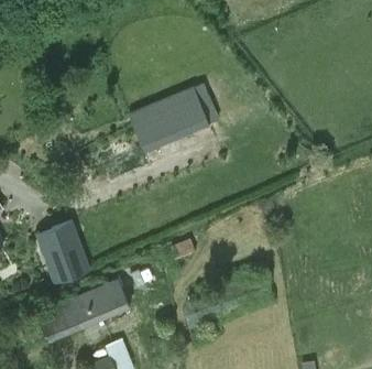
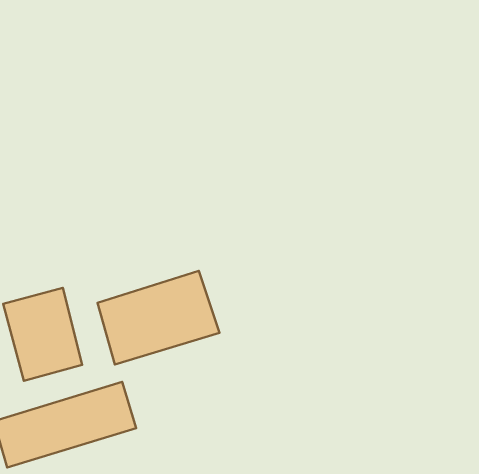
building: [129,86,211,153] -> [97,271,219,364]

